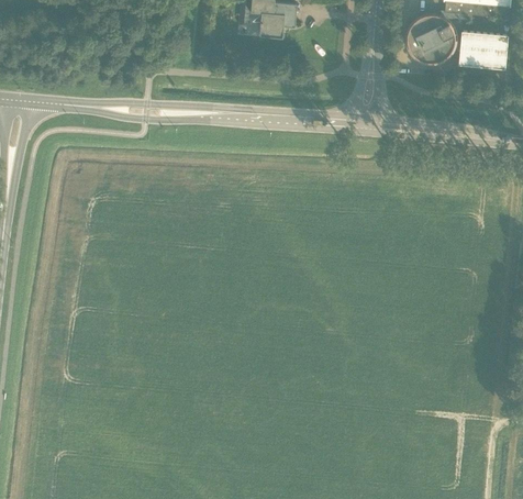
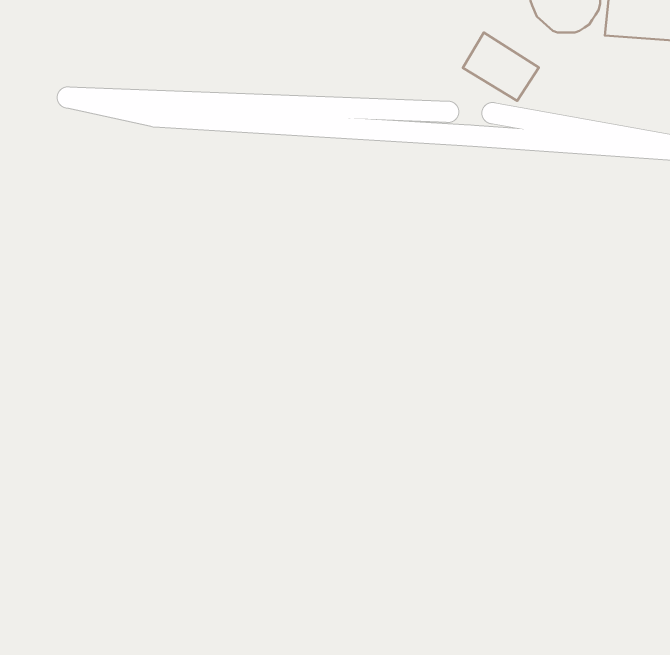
building: none -> [463,33,539,101]

